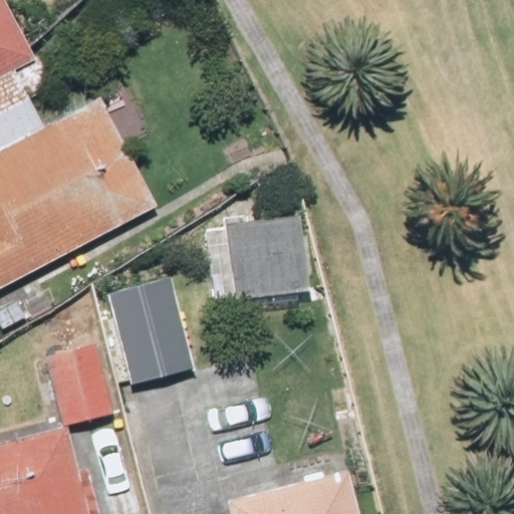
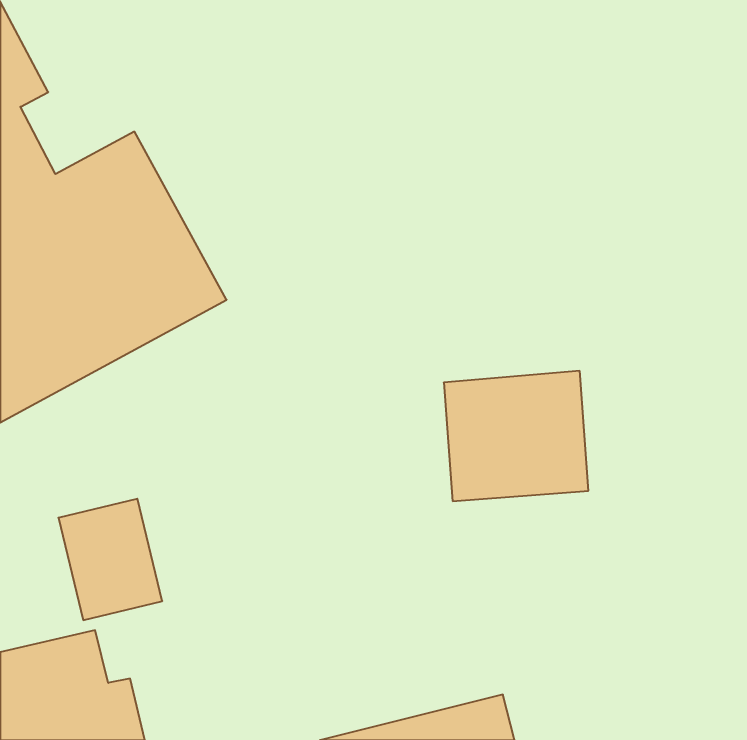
building: [201,214,300,303] -> [444,371,588,501]
building: [102,281,190,378] -> none

